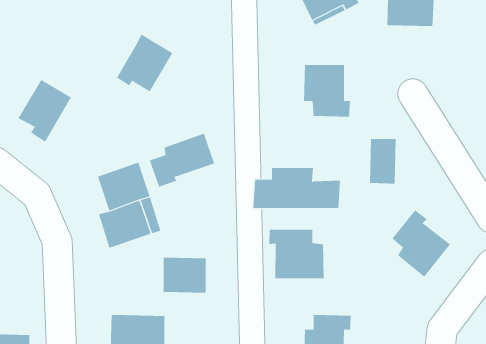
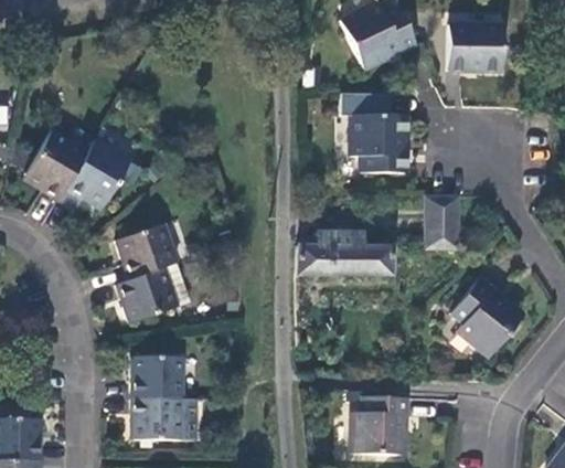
building: [116,34,173,92] -> [67,138,132,204]
building: [149,133,215,187] -> none
building: [269,229,324,279] -> none
building: [163,257,207,293] -> [134,357,183,397]

